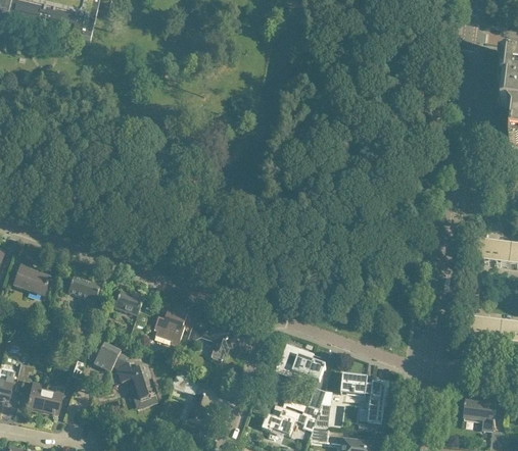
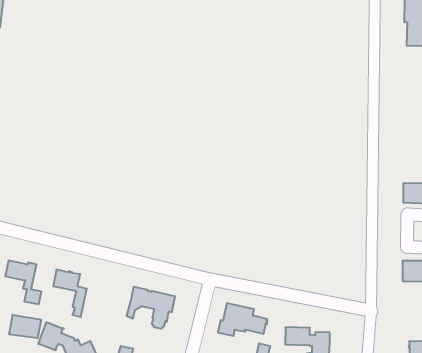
building: [153,310,186,345] -> none
building: none -> [9,315,41,338]

